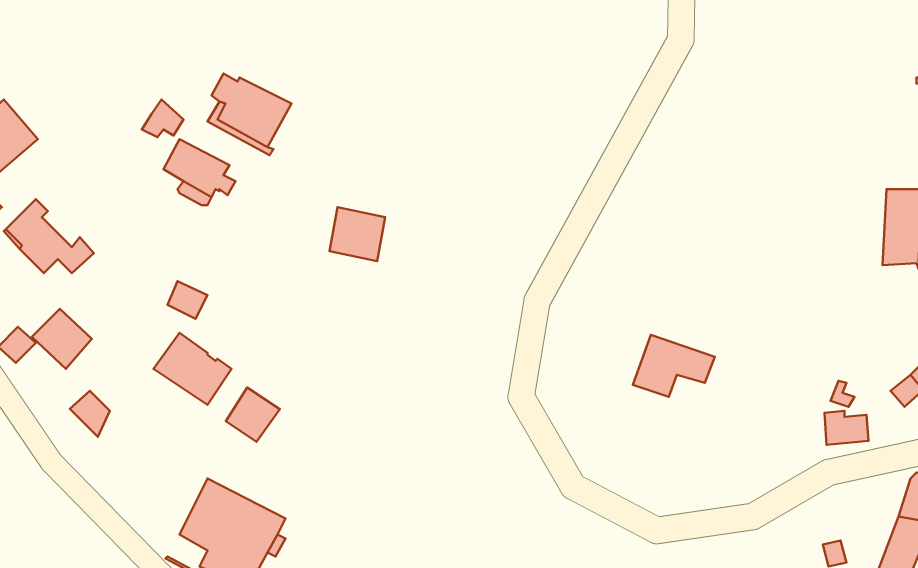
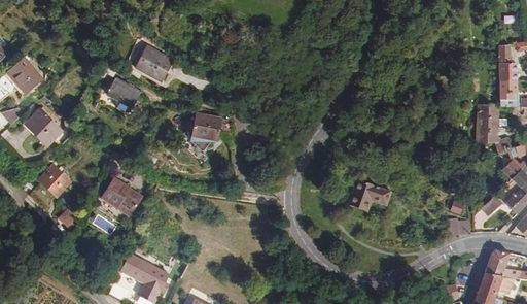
building: [226,388,280,442] -> none

